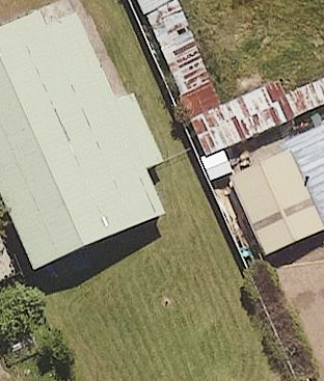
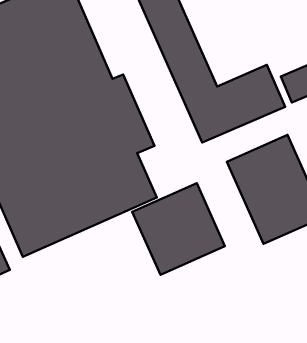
building: none -> [132,183,225,275]

